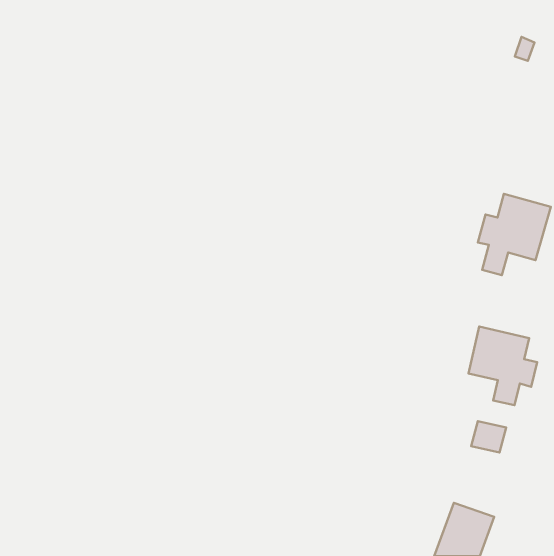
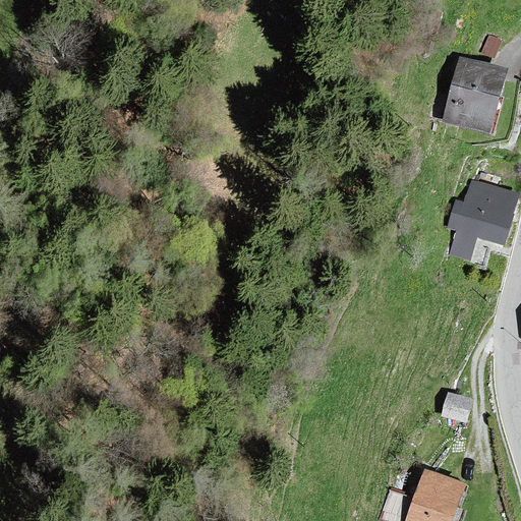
building: none -> [444,60,506,132]
building: [469,326,537,405] -> none

